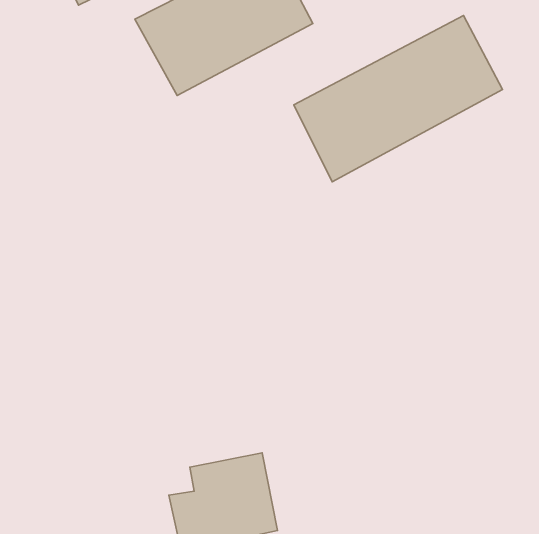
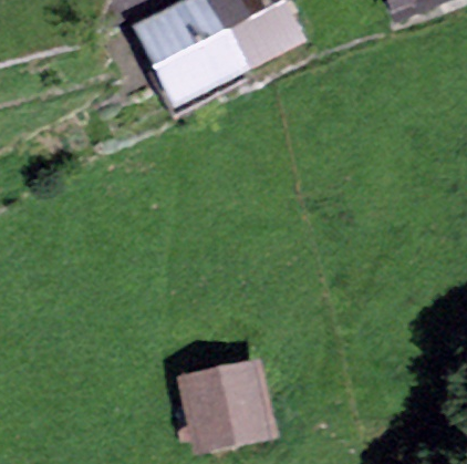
building: [294,16,503,182] -> none

